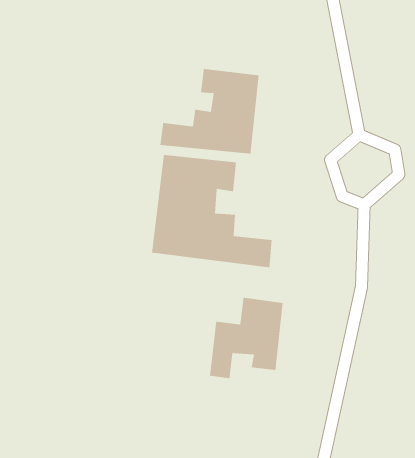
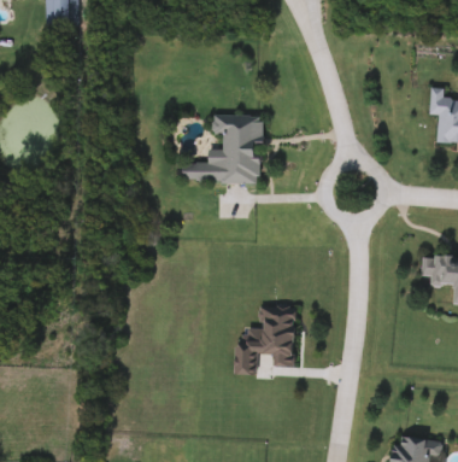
building: [151,154,272,268] -> none

